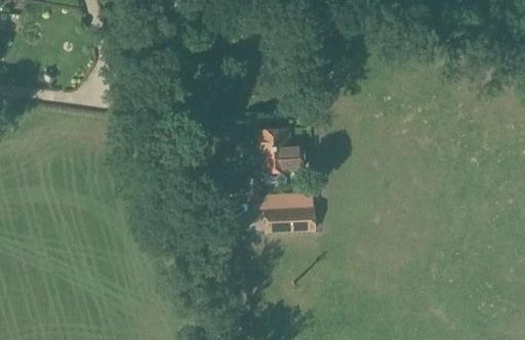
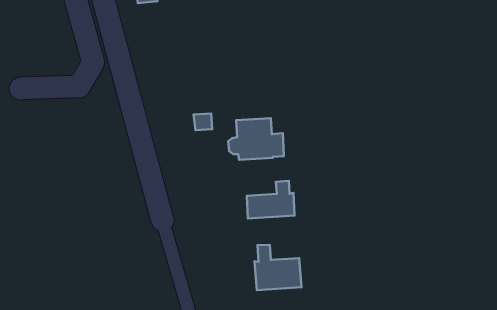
building: none -> [255,245,302,290]

